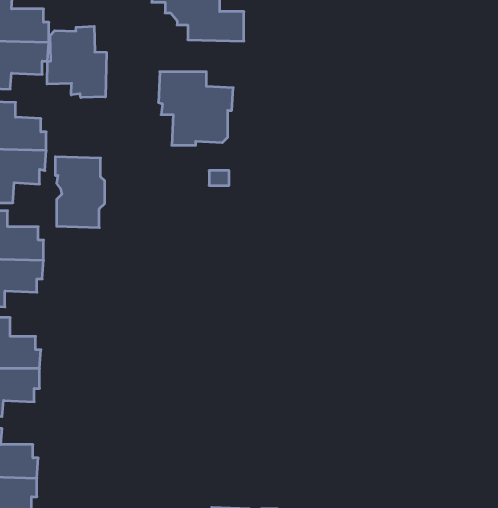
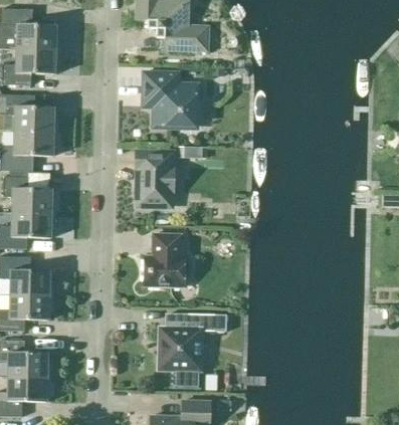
building: [47,26,106,98] -> none
building: [55,157,105,228] -> [137,153,174,206]
building: none -> [144,234,185,287]
building: none -> [159,313,229,389]

